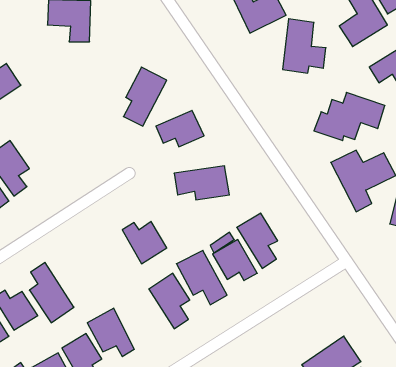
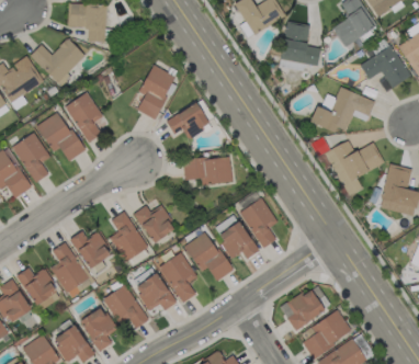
building: none -> [30,38,86,83]
building: none -> [65,92,102,141]
building: none -> [36,111,83,160]
building: none -> [110,211,148,262]
building: none -> [70,231,112,269]
building: none -> [134,272,175,310]
building: none -> [280,284,327,330]

